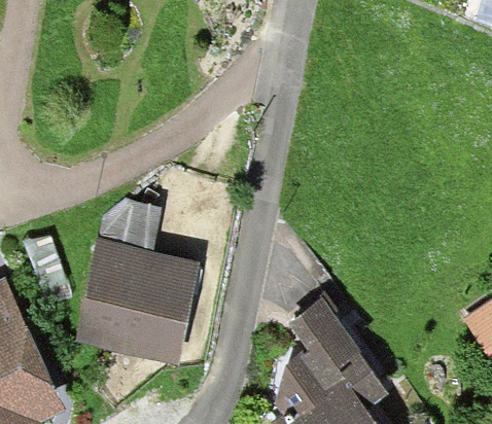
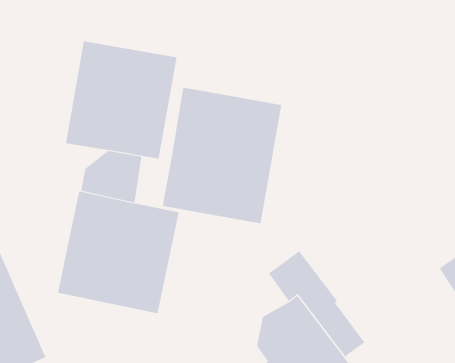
building: none -> [65,40,177,160]
building: none -> [162,87,282,224]

